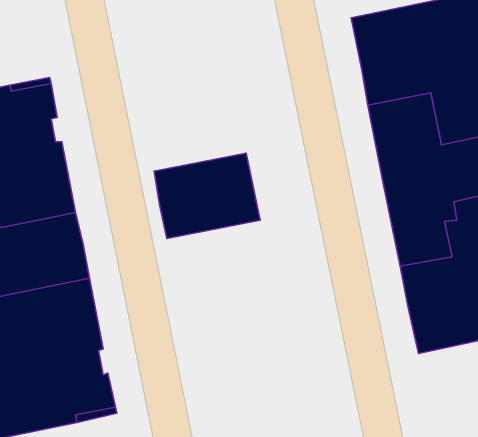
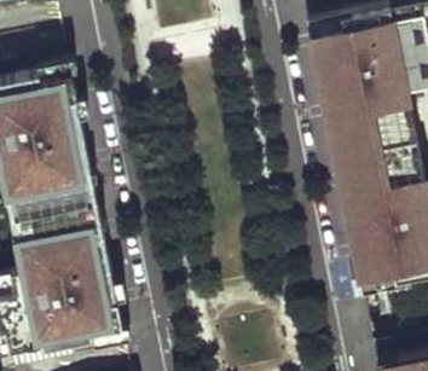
building: [154,153,260,239] -> none

